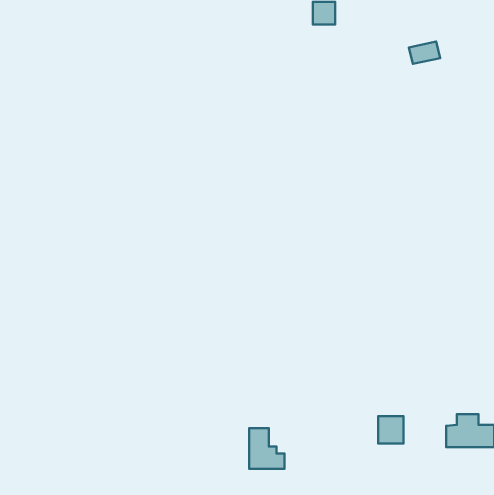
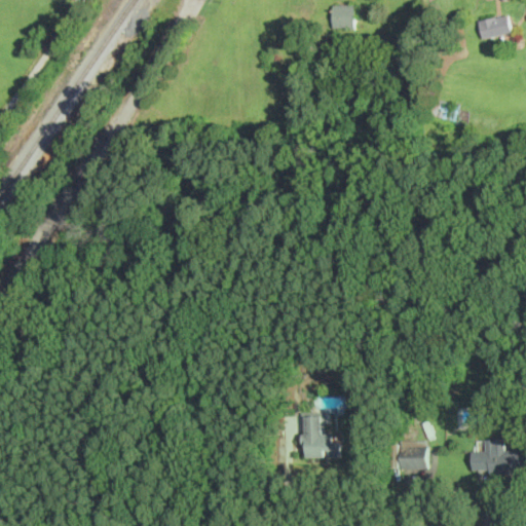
building: [409,42,440,64] -> [477,15,510,39]
building: [249,428,284,469] -> [302,416,339,459]

